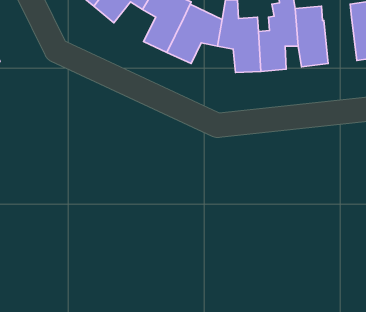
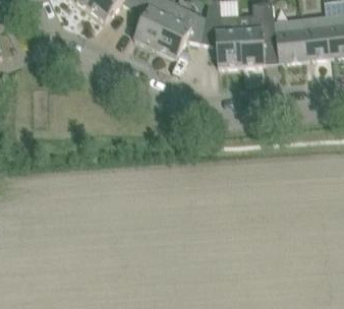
building: none -> [299,16,330,59]

